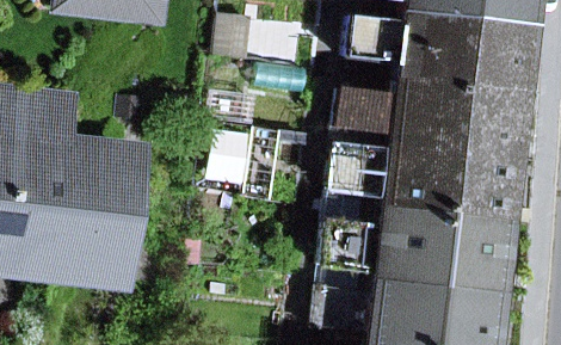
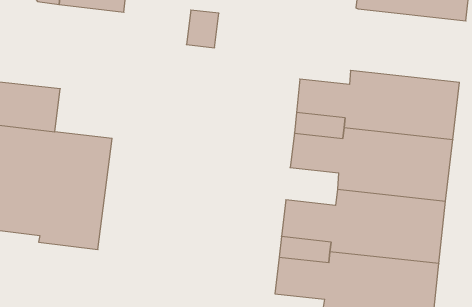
building: [358,14,537,96] -> none

